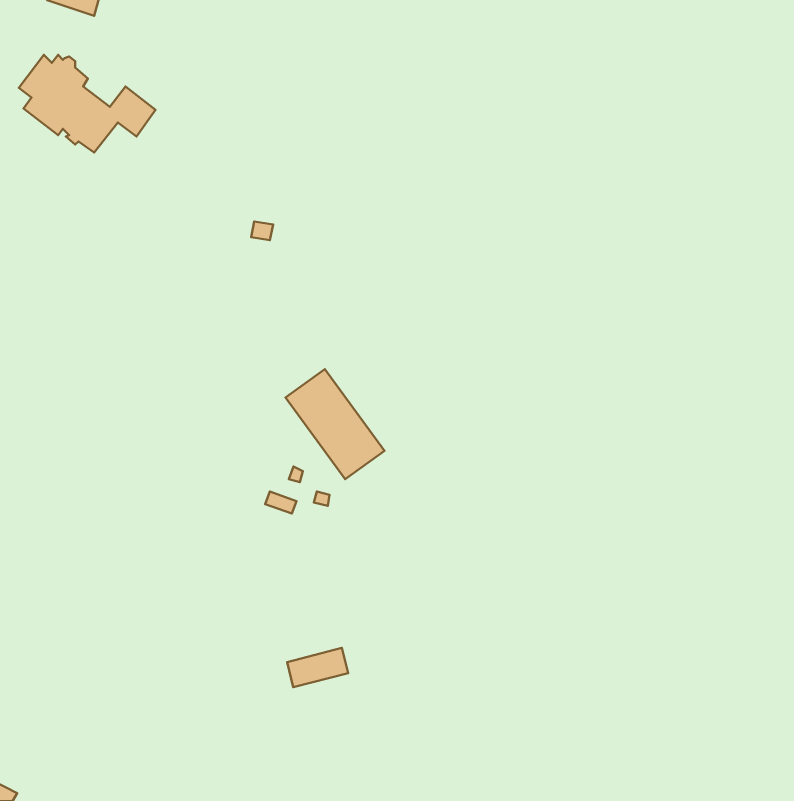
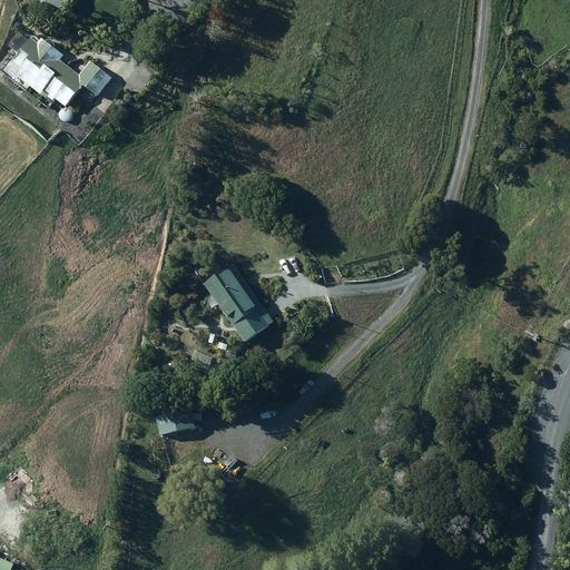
building: [287,648,348,687] -> [151,406,195,434]

